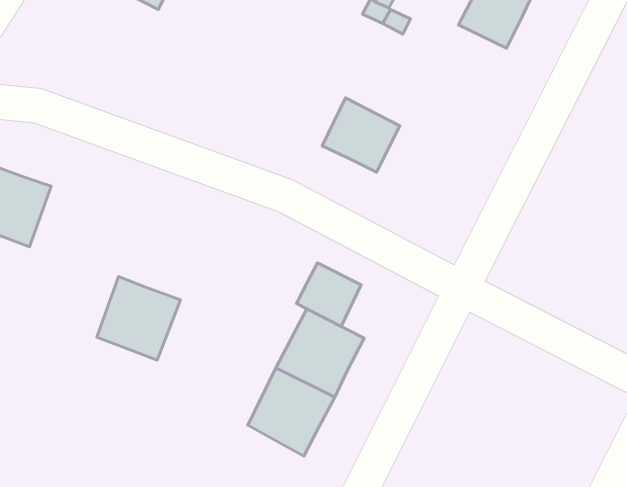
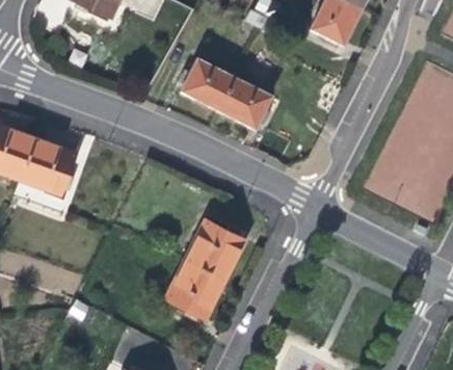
building: none -> [180,59,234,110]
building: [297,263,361,326] -> none
building: [97,277,180,360] -> [22,137,78,193]

